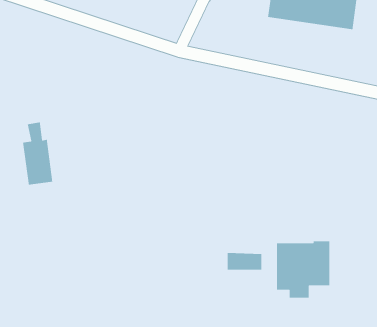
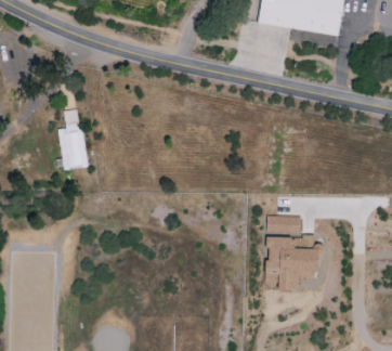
building: [22,122,53,186] -> [60,109,89,170]
building: [227,252,262,271] -> [267,216,301,233]

